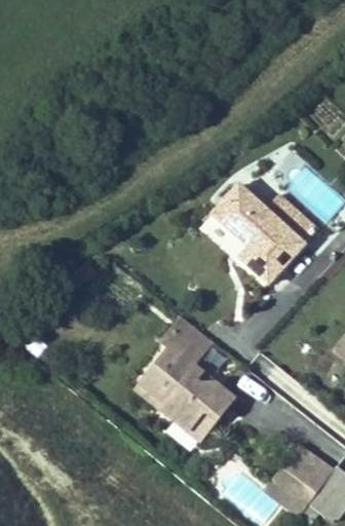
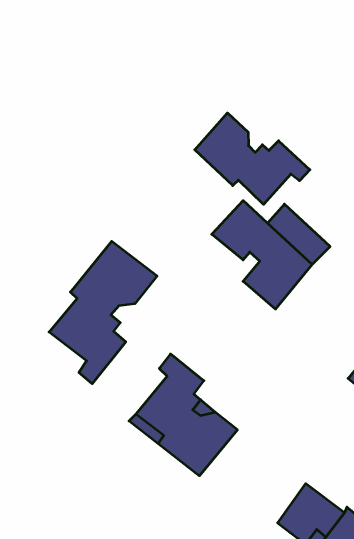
building: none -> [195,113,310,204]
building: none -> [49,241,157,384]

